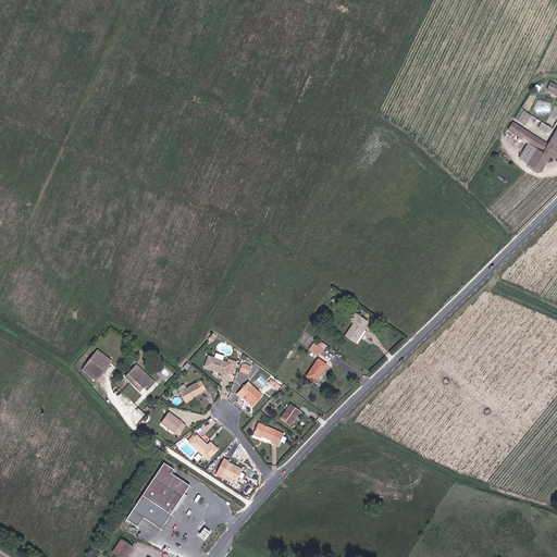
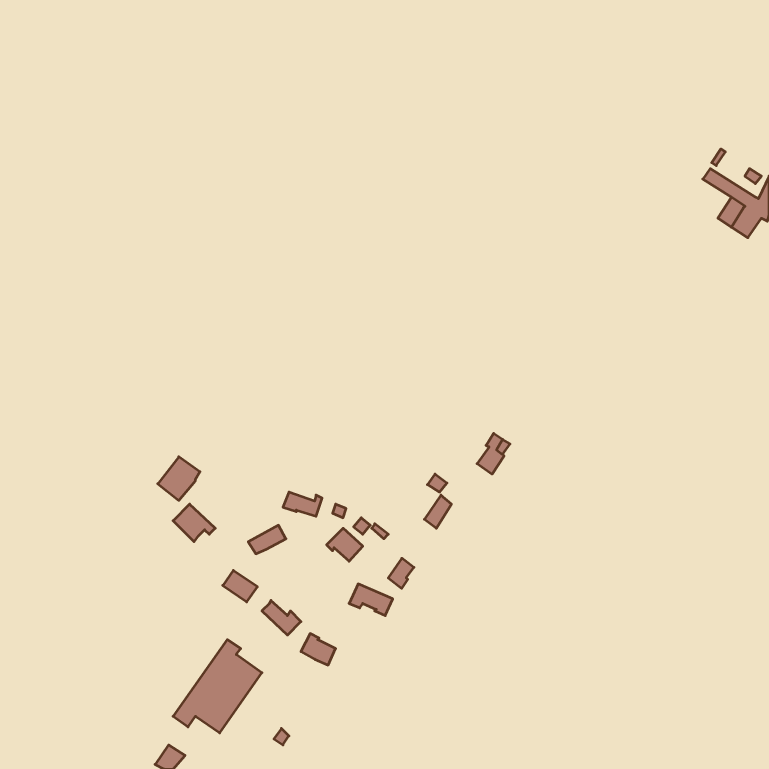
building: [82,350,112,382] -> [158,457,200,500]

